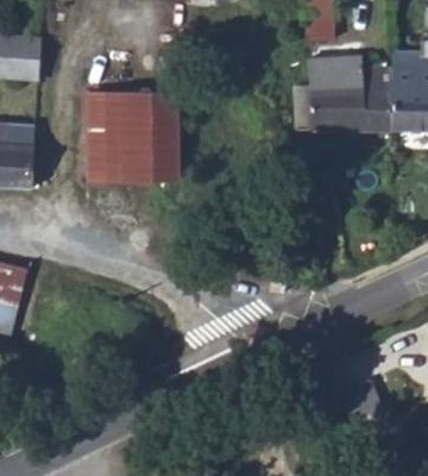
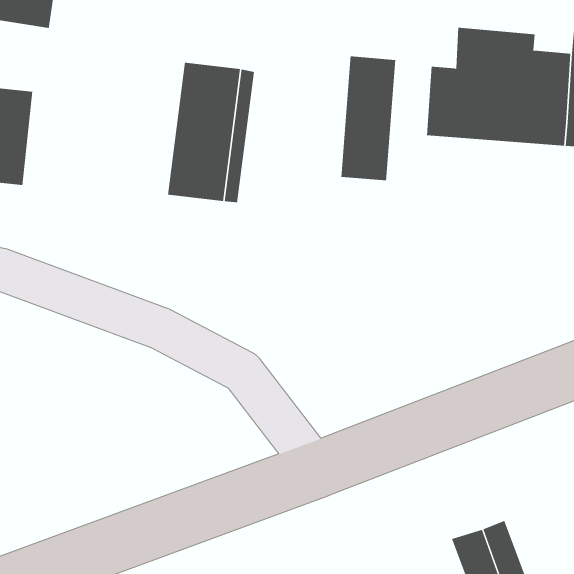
building: none -> [341,56,396,181]
building: [90,93,132,183] -> none

